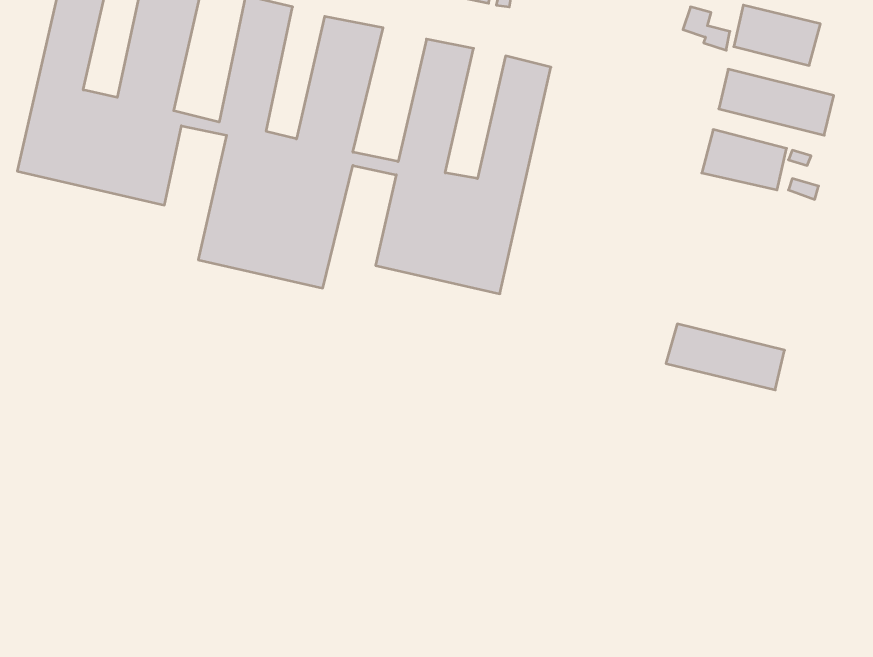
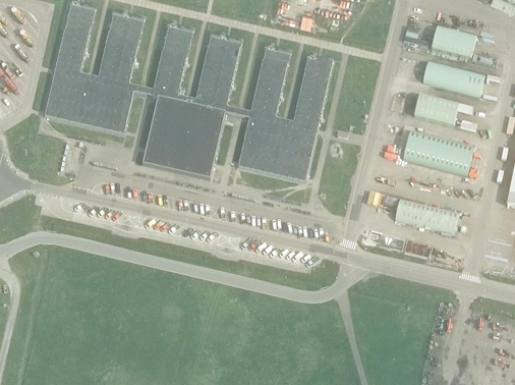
building: none -> [406,129,477,177]

